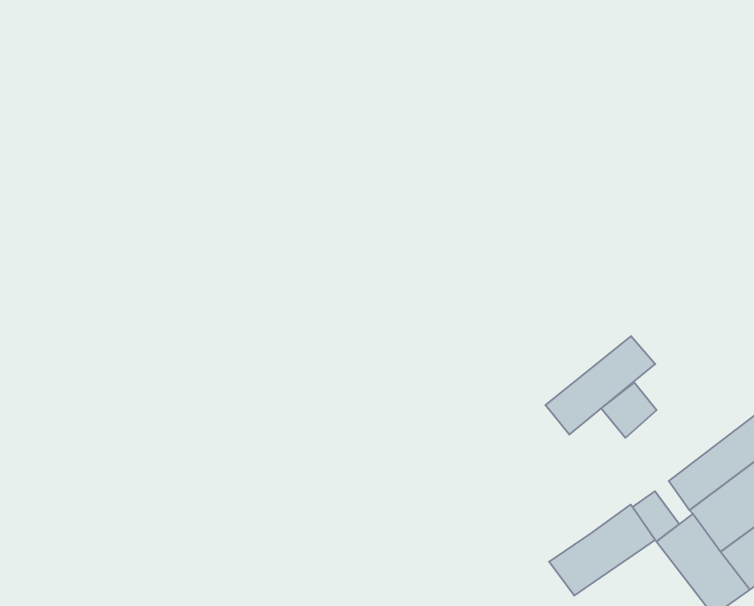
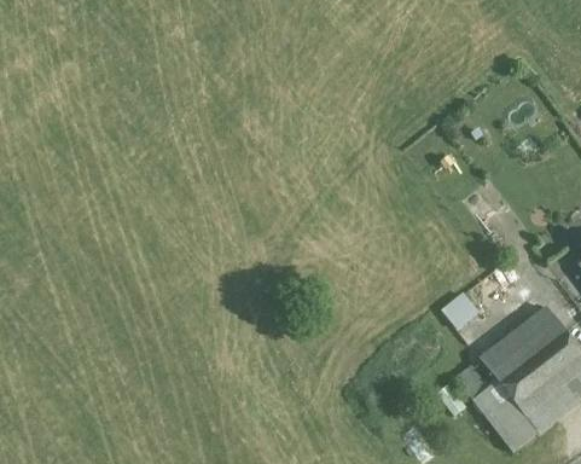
building: [545,336,655,435] -> none
building: [549,505,655,596] -> none

